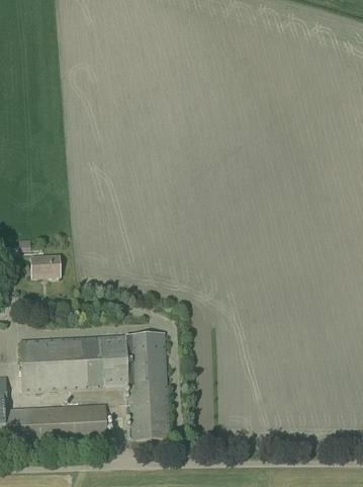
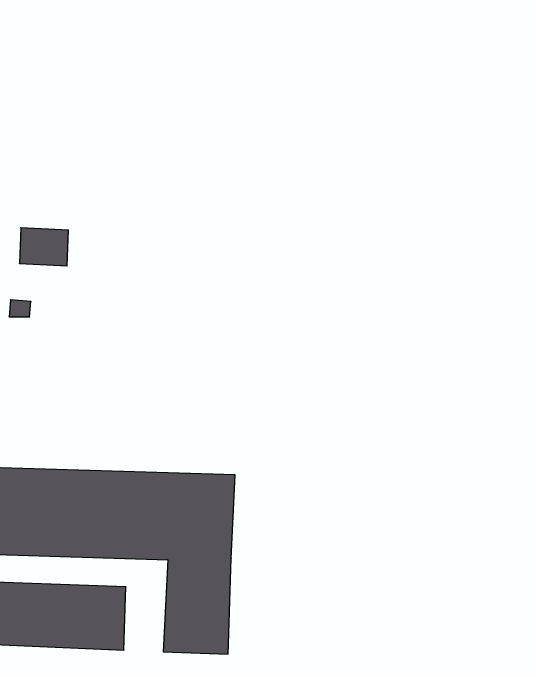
building: [31,255,61,277] -> [19,228,68,266]

